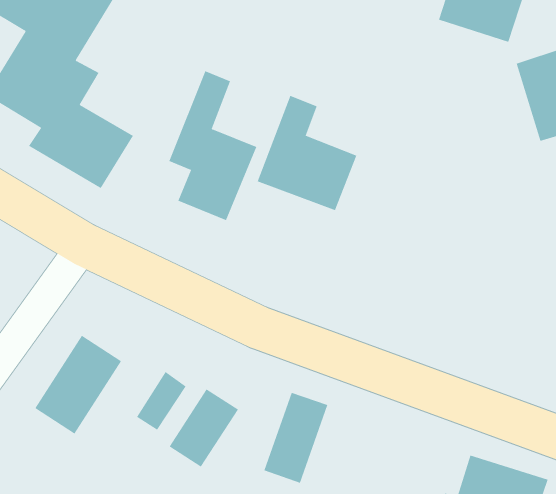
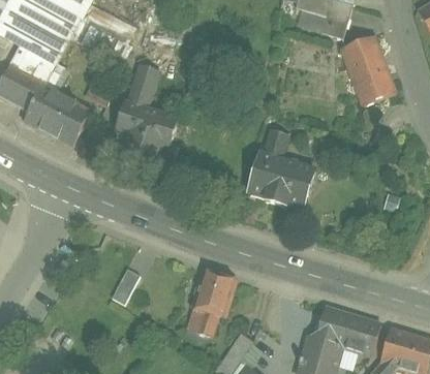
building: [257,95,357,211] -> [250,128,315,202]
building: [34,335,122,435] -> none
building: [169,388,239,468] -> none

